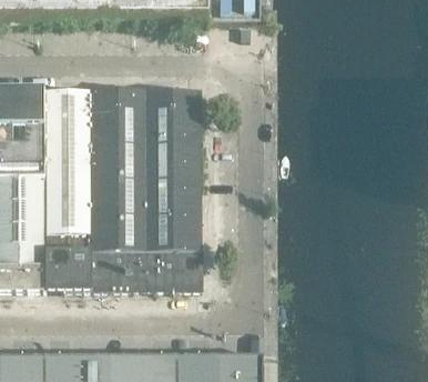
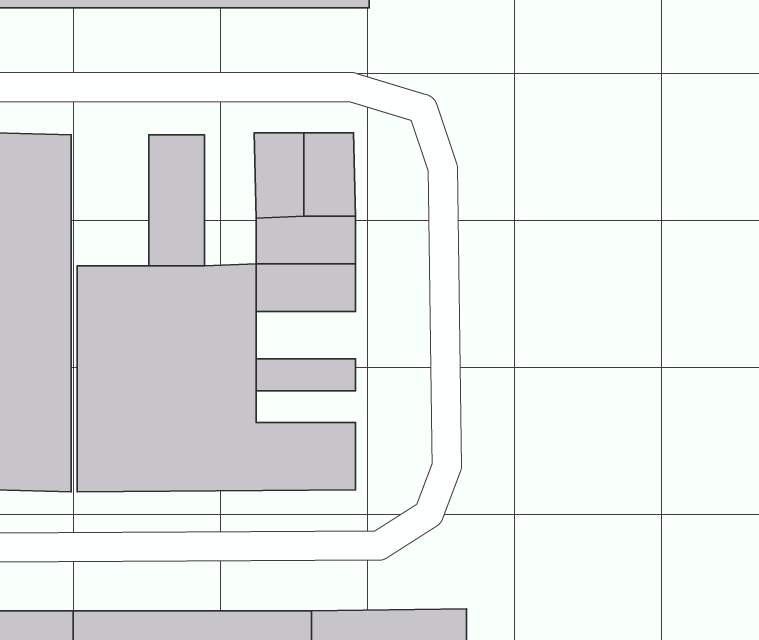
building: [118,88,146,162] -> none
building: [47,89,86,162] -> none
building: [146,188,202,214] -> none
building: [146,232,202,250] -> none

